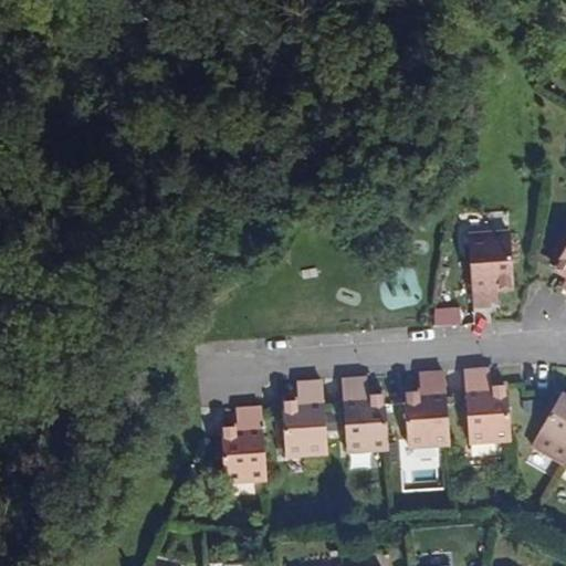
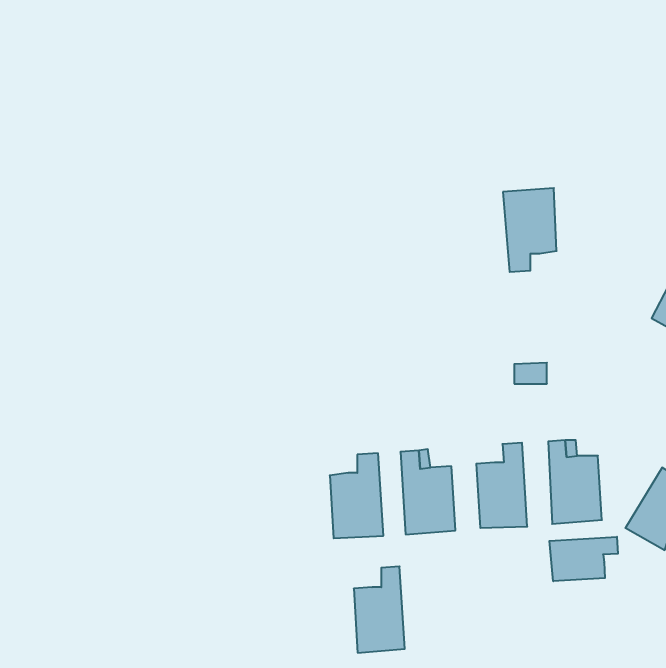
building: [468,232,513,303] -> [503,188,557,272]
building: [221,409,264,482] -> [354,566,405,653]
building: none -> [549,537,618,581]

